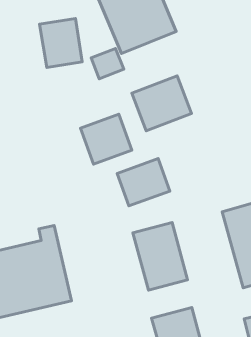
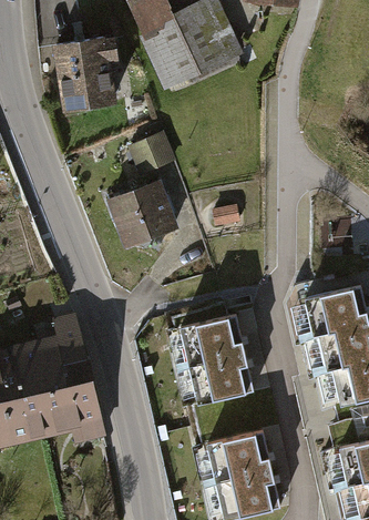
building: [91,49,124,79] -> [129,128,173,169]
building: [132,76,191,131] -> none
building: [117,159,170,206] -> none

